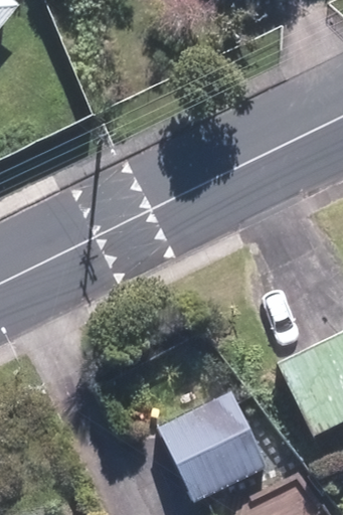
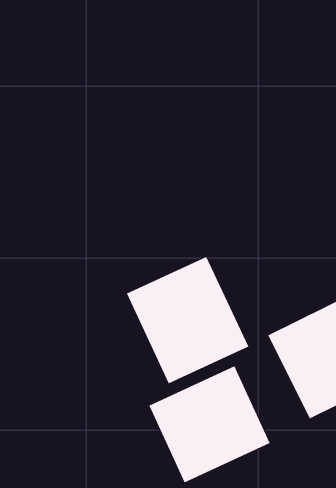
building: none -> [126,256,249,384]

